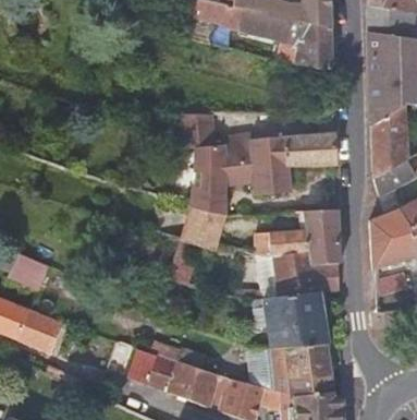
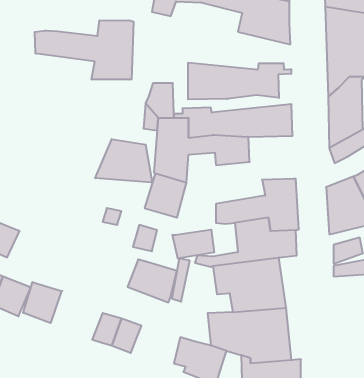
building: none -> [35,20,133,80]
building: none -> [188,63,291,99]
building: none -> [95,139,152,183]
building: none -> [173,230,214,259]
building: none -> [23,282,62,323]
building: [167,362,218,407] -> [128,259,177,302]

